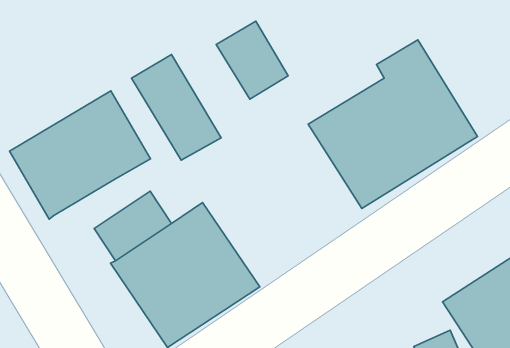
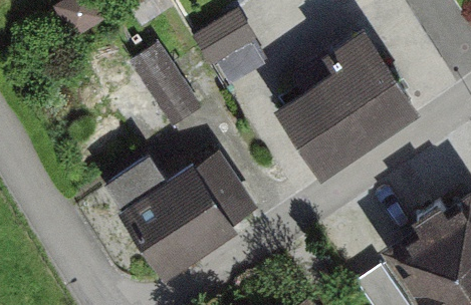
building: [10,91,150,219] -> none

